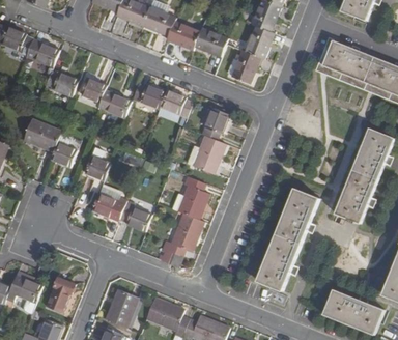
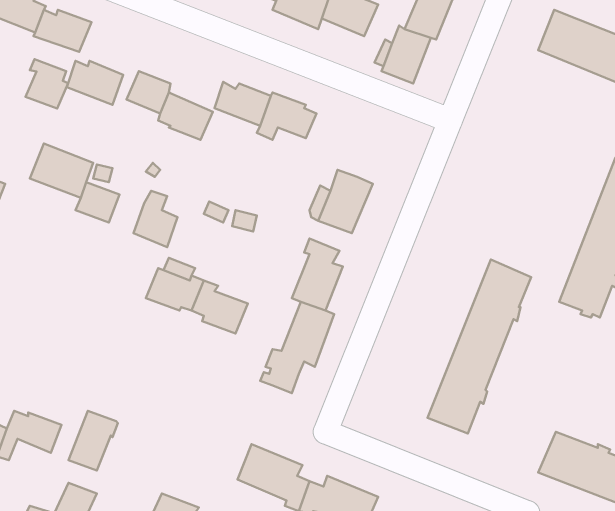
building: none -> [25,59,68,108]
building: [200,107,228,139] -> none
building: [105,288,138,327] -> none

